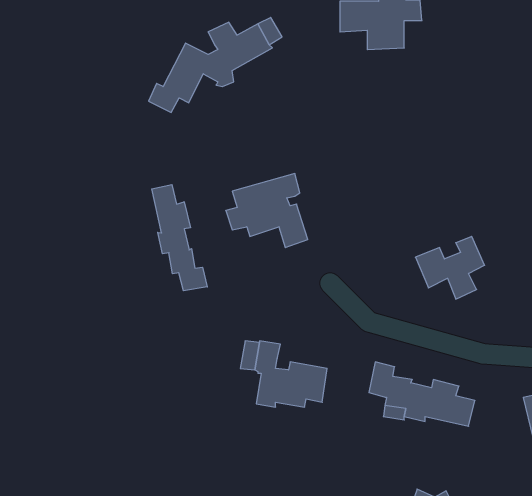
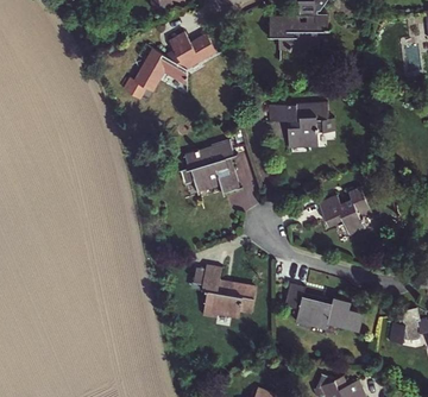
building: none -> [269,101,334,144]
building: [152,185,207,291] -> none

